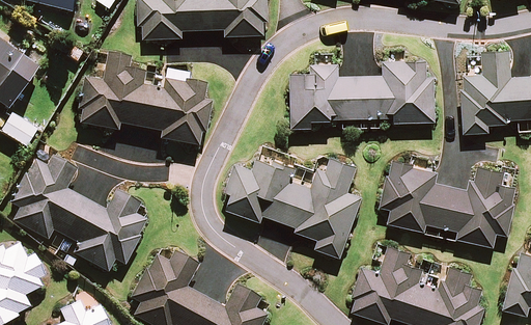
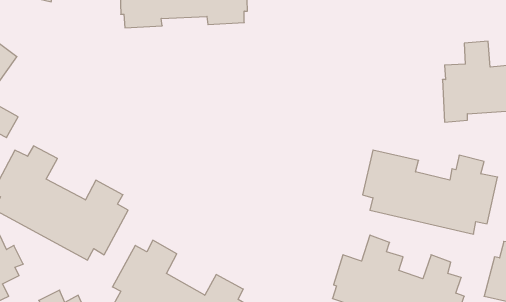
building: [78,55,209,145] -> none
building: [290,63,436,128] -> none
building: [227,159,360,258] -> none

